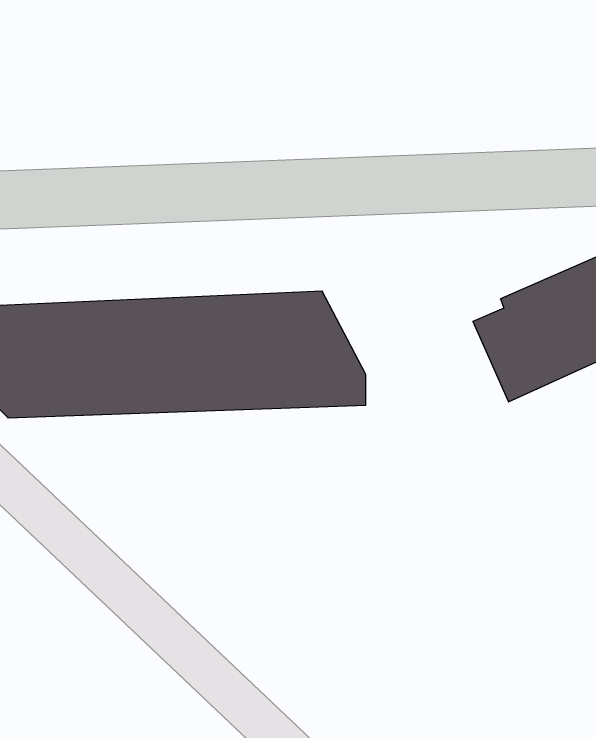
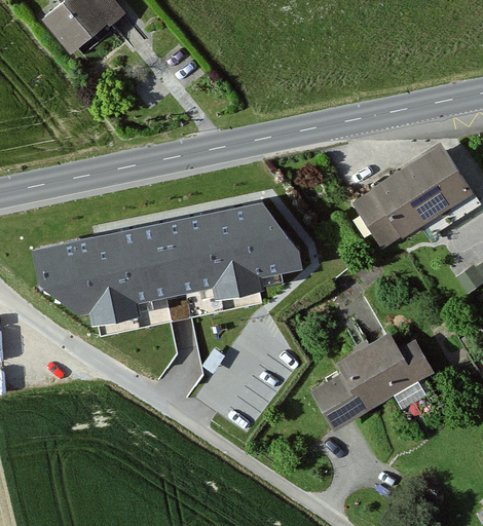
building: none -> [306,330,432,427]

